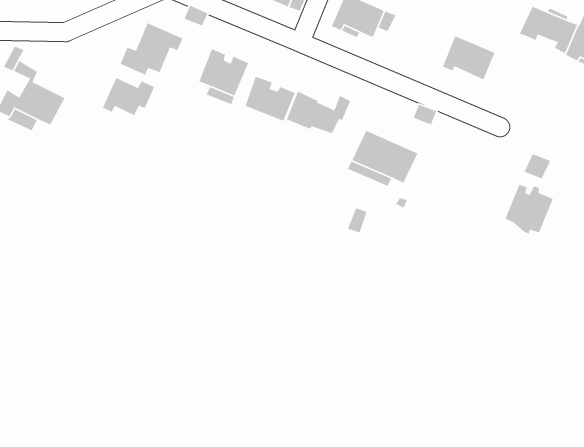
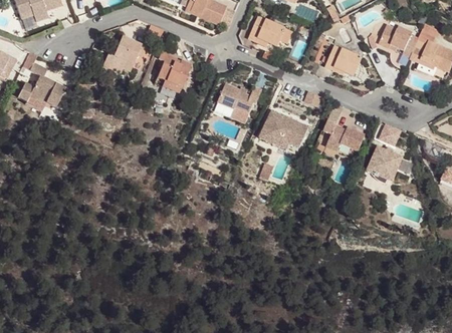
building: [244,76,296,122] -> none
building: [102,77,155,116] -> none
building: none -> [323,107,365,150]

